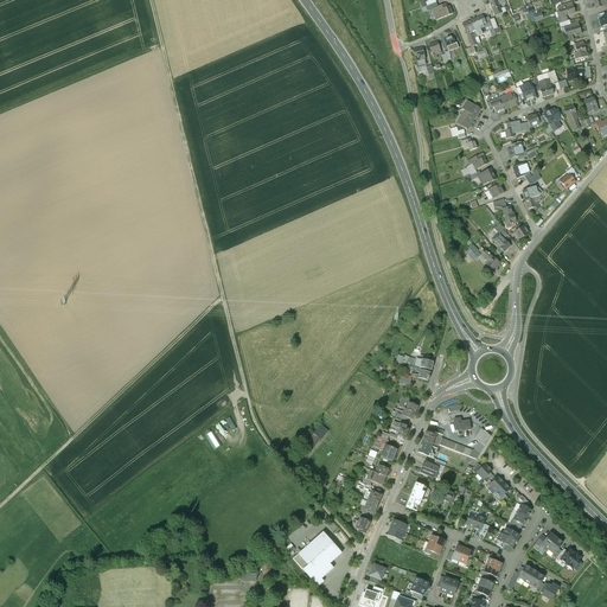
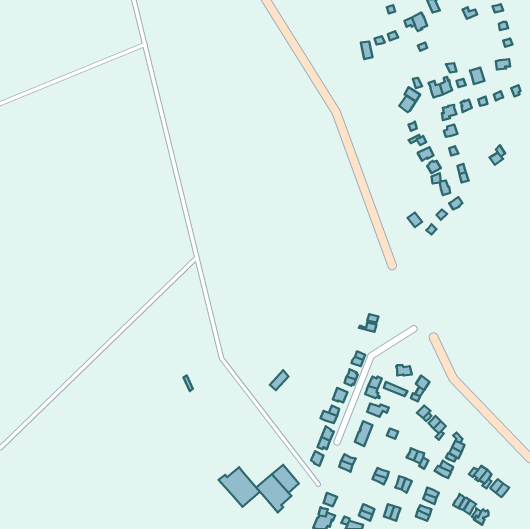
building: none -> [219,467,260,507]

